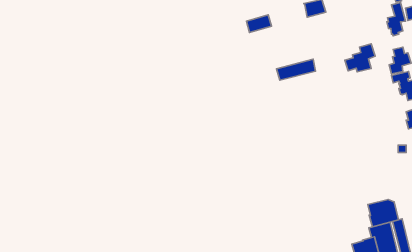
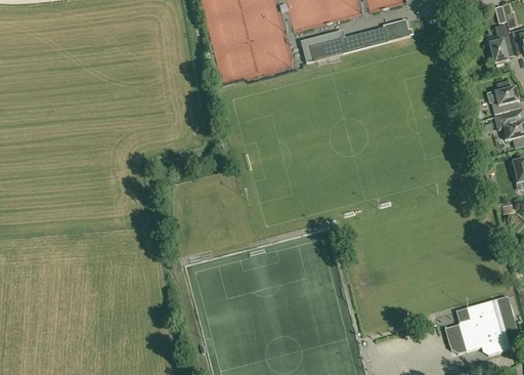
building: [345,44,375,72] -> none
building: [277,59,315,80] -> [339,26,388,52]
building: [368,200,398,227] -> none

